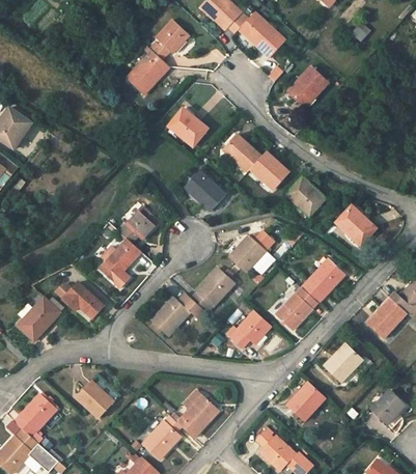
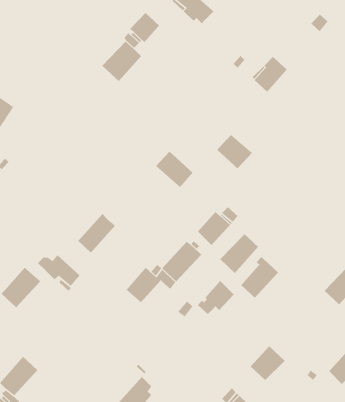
building: [238,12,285,57] -> none
building: [168,108,207,146] -> none
building: [222,134,261,172] -> none
building: [286,177,325,216] -> none
building: [335,202,376,245] -> none
building: [119,206,159,243] -> none
building: [301,258,343,302] -> [220,233,259,274]
building: [324,342,362,382] -> none
building: [77,381,113,417] -> none
building: [176,394,219,437] -> none

